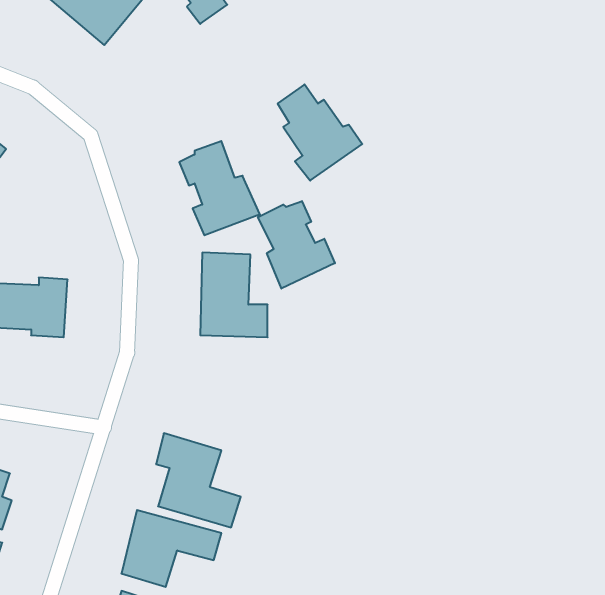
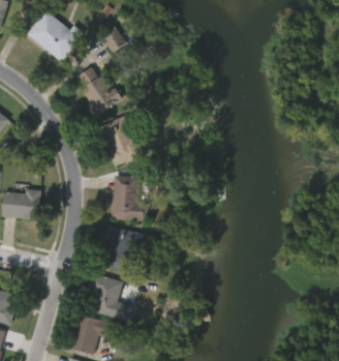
building: [278,84,362,181] -> [76,65,122,117]
building: [258,201,335,289] -> none
building: none -> [96,225,145,271]

